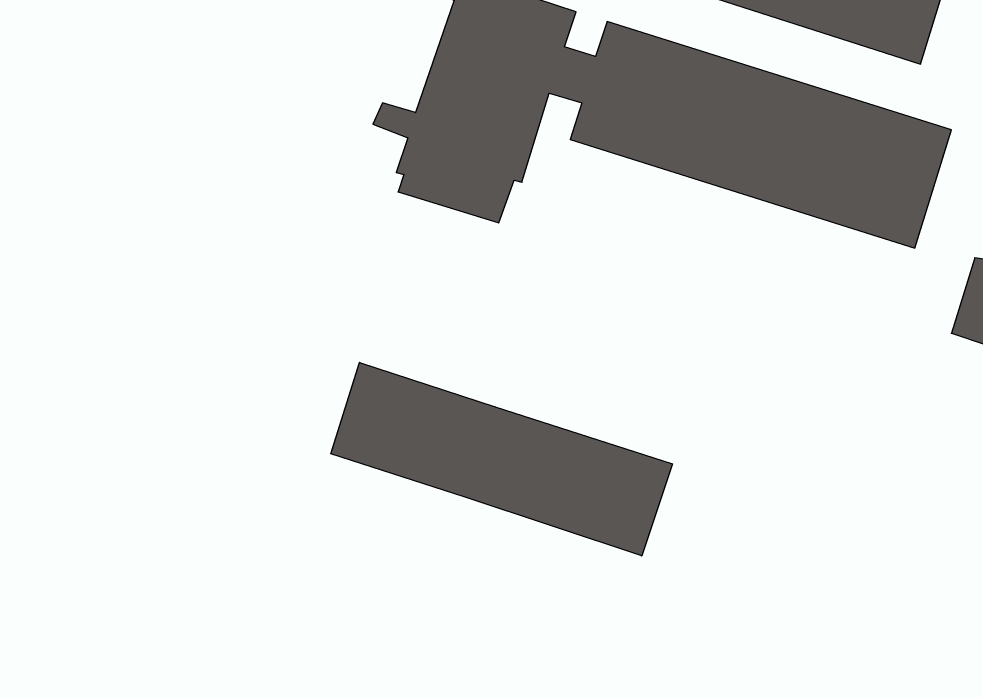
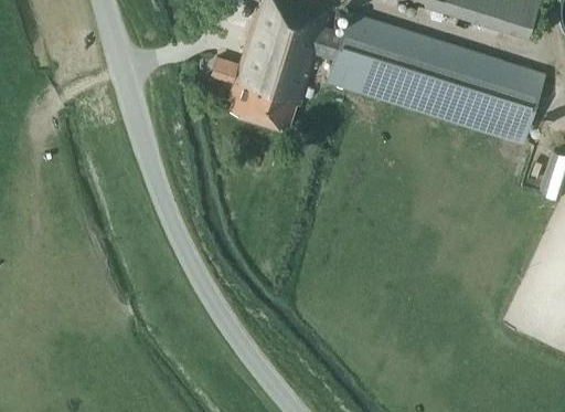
building: [331,362,673,556] -> none

